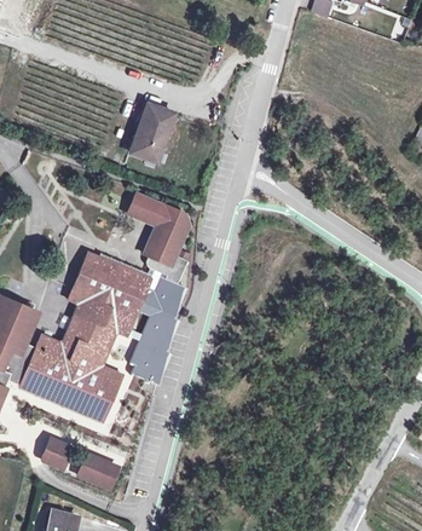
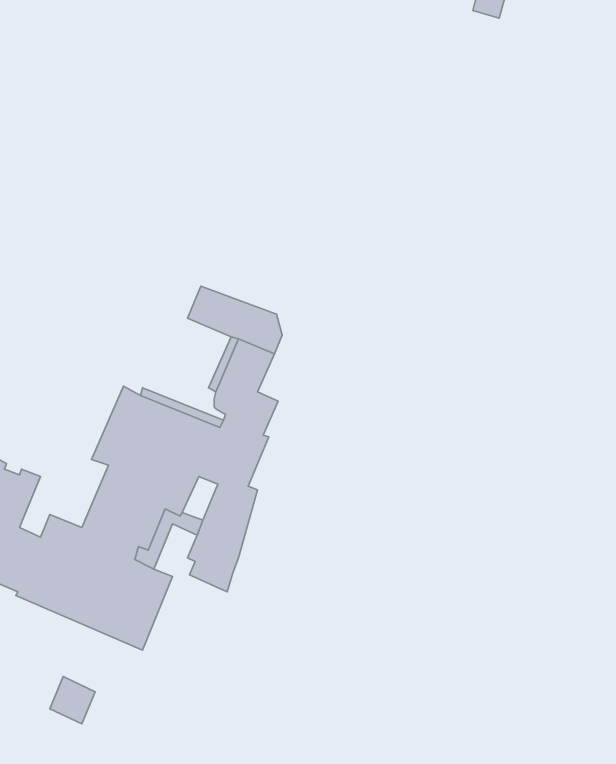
building: [129,104,173,162] -> none
building: [77,455,116,487] -> none

